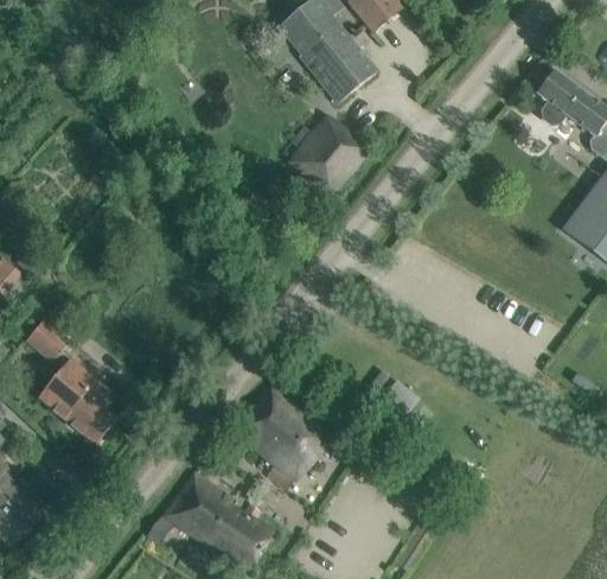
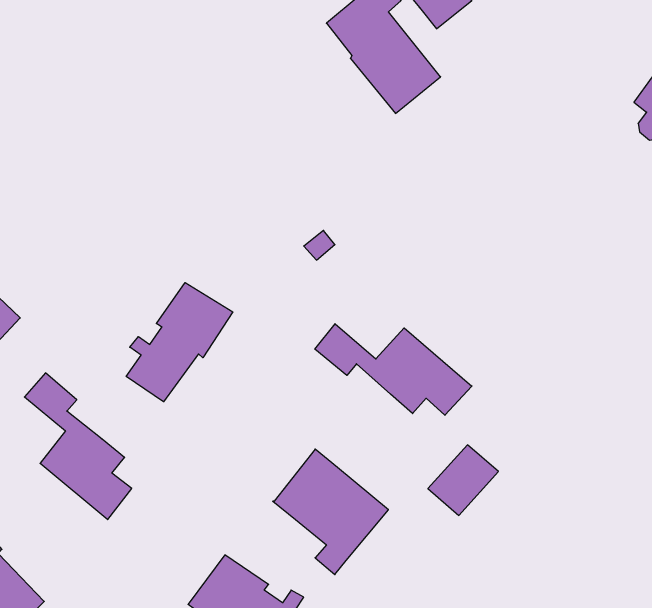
building: [289,113,369,193] -> none
building: none -> [126,283,233,402]
building: none -> [315,324,472,415]

